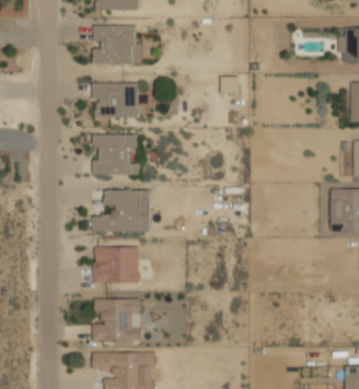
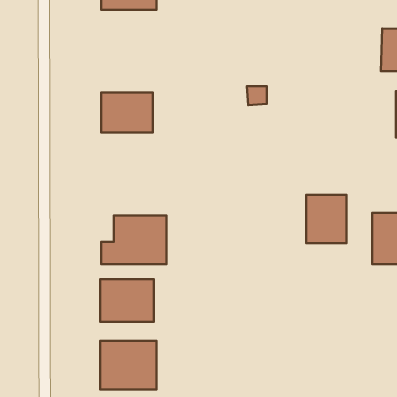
building: [93,25,138,67] -> none
building: [93,133,138,176] -> none
building: none -> [306,195,347,243]

